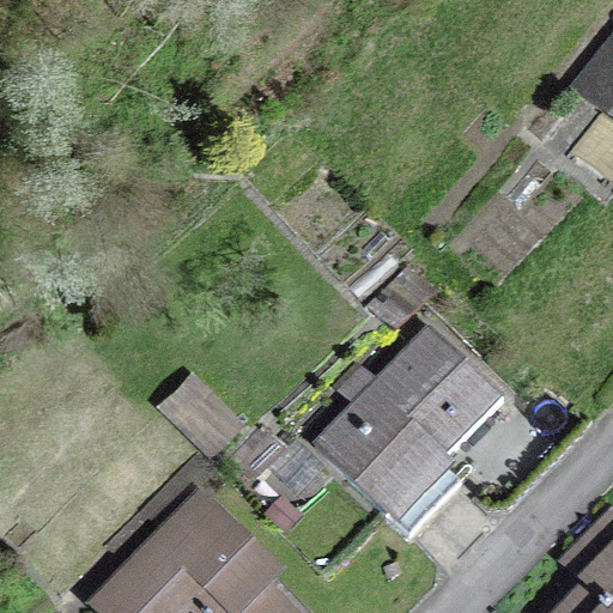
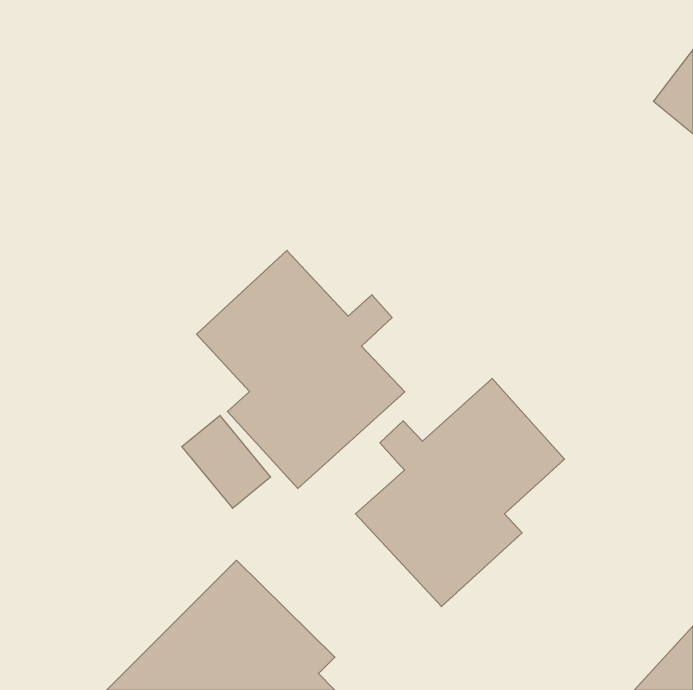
building: none -> [197,250,405,488]

